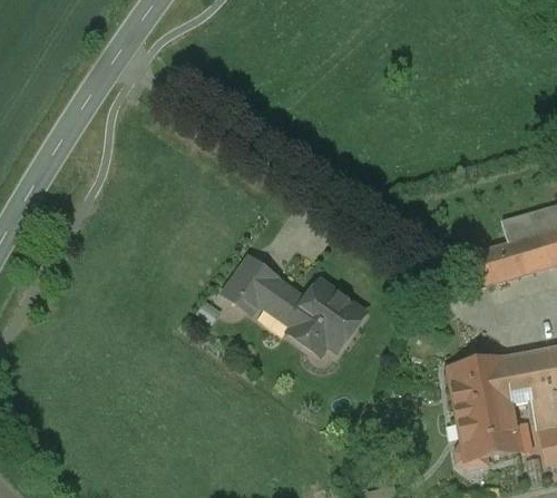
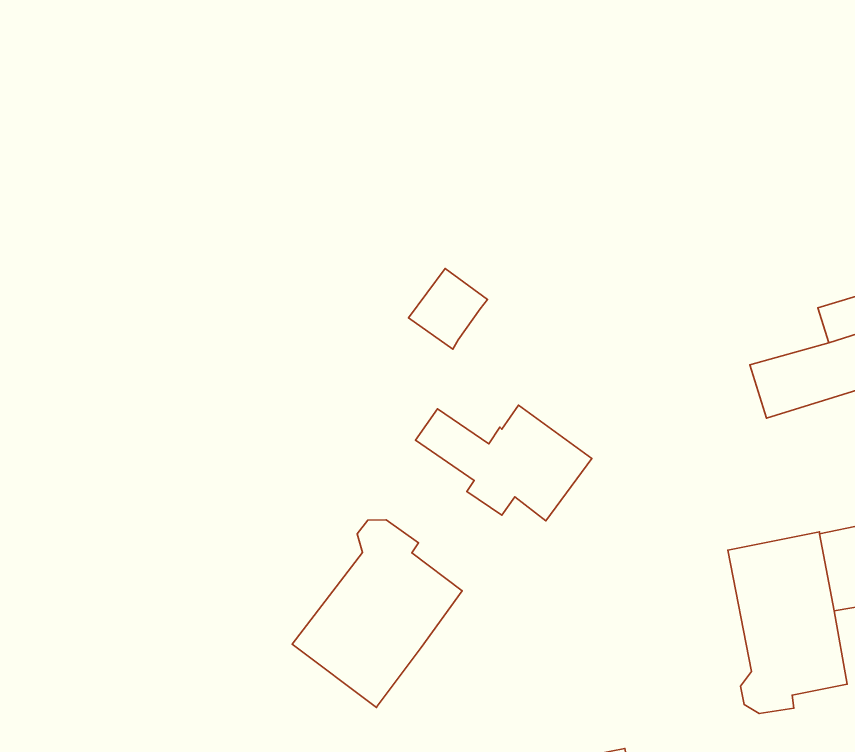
building: [227,257,275,306] -> [409,268,488,349]
building: none -> [292,520,462,708]

